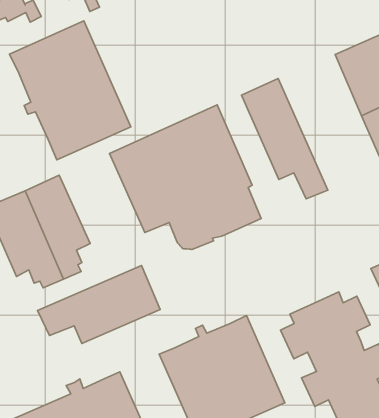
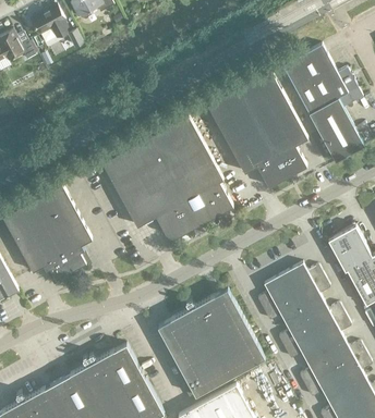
building: [10,21,131,160] -> none
building: none -> [238,72,309,180]
building: [38,266,160,343] -> none

